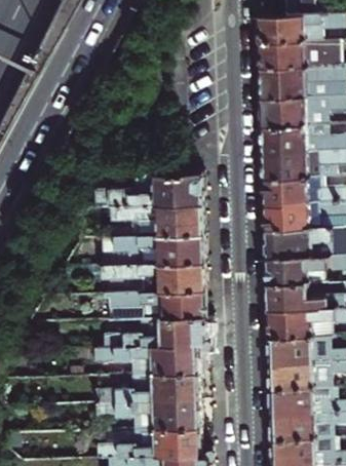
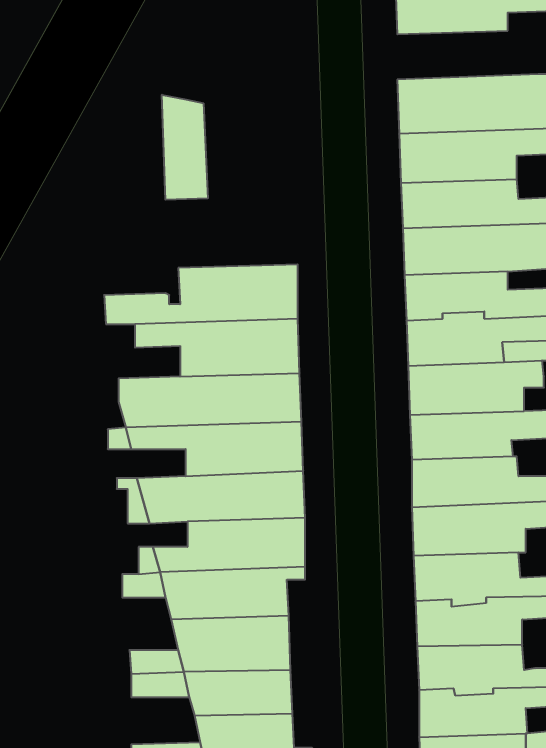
building: [260,41,340,70] -> none
building: none -> [162,95,208,200]

